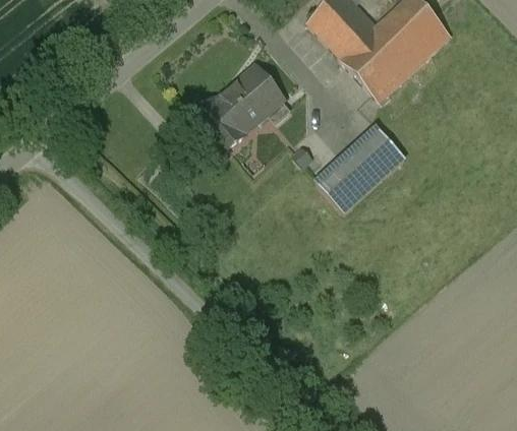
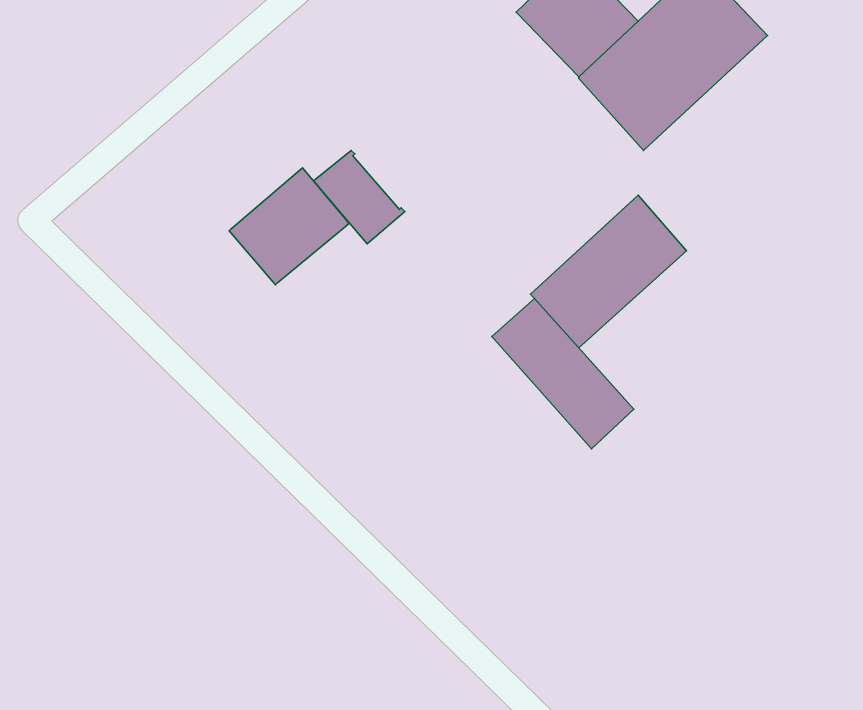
building: [216,66,284,132] -> [229,168,349,285]
building: none -> [492,298,634,449]

